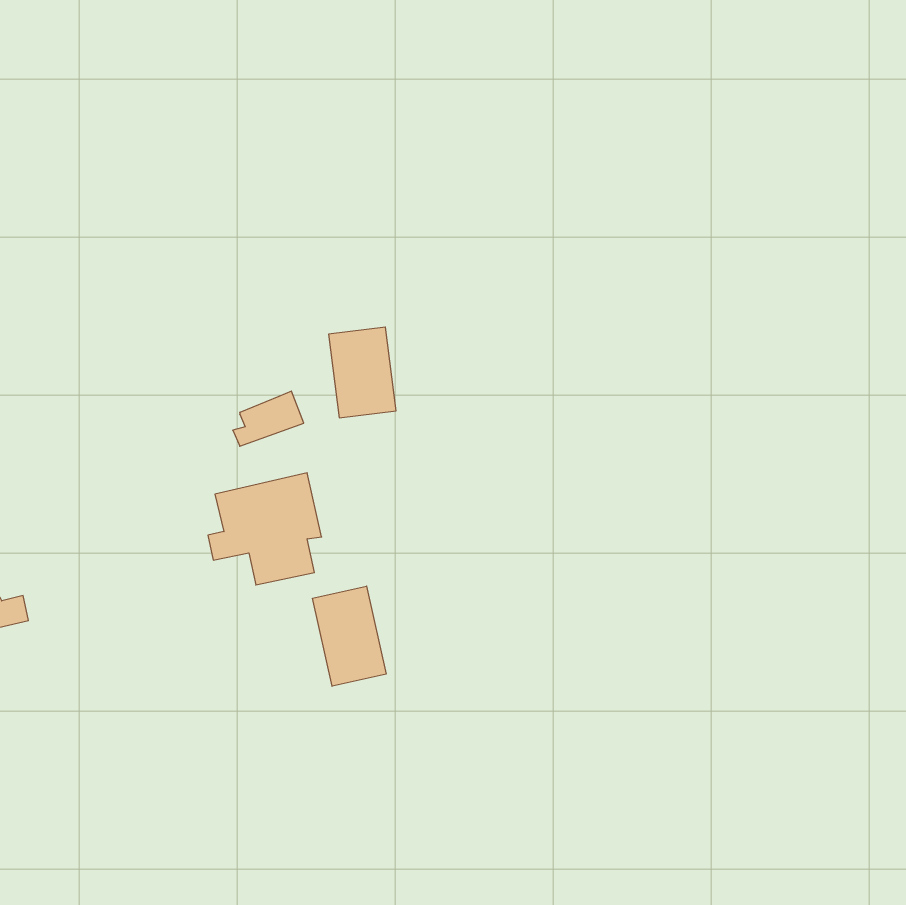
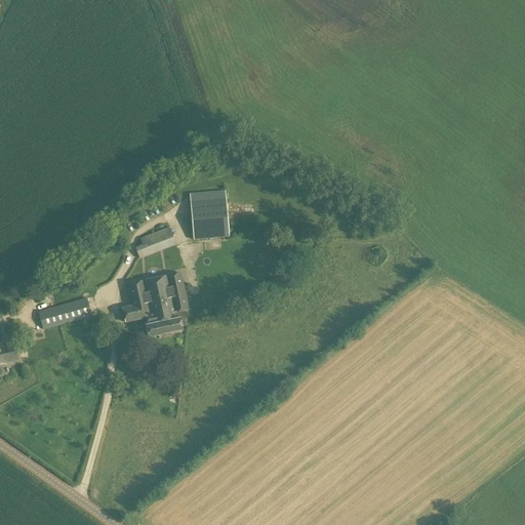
building: none -> [37,297,91,328]
building: [313,586,386,686] -> none

